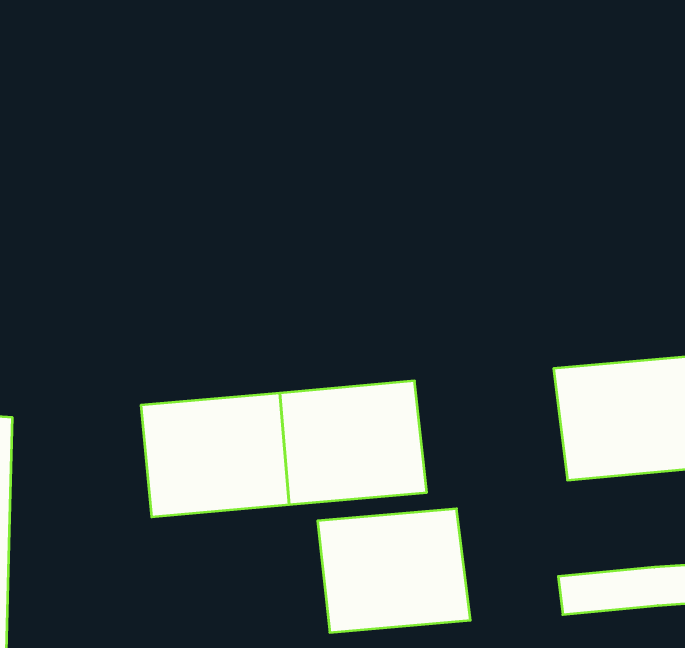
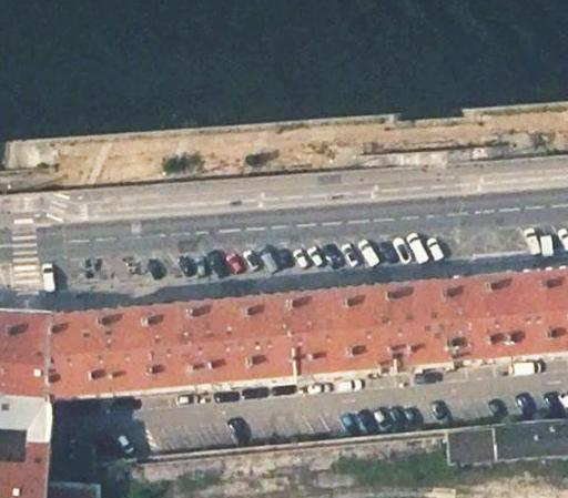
building: none -> [50,307,153,398]
building: [318,509,470,632] -> [344,281,455,370]

